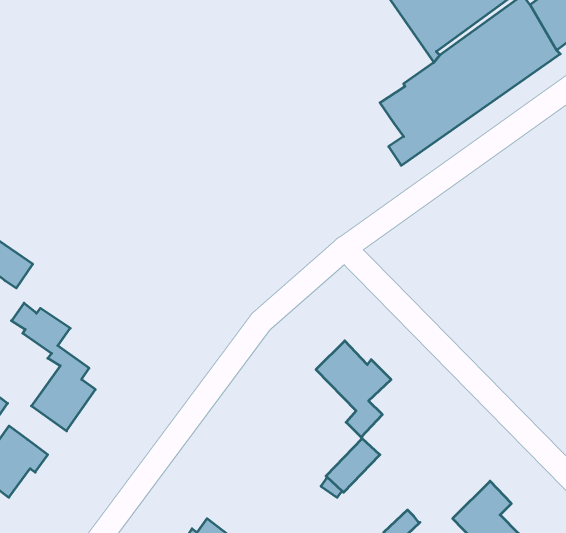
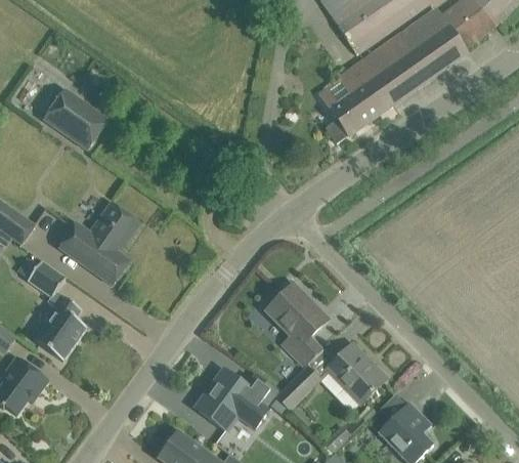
building: none -> [42,89,107,152]
building: none -> [58,202,140,286]
building: none -> [325,343,383,405]
building: none -> [198,370,275,430]

